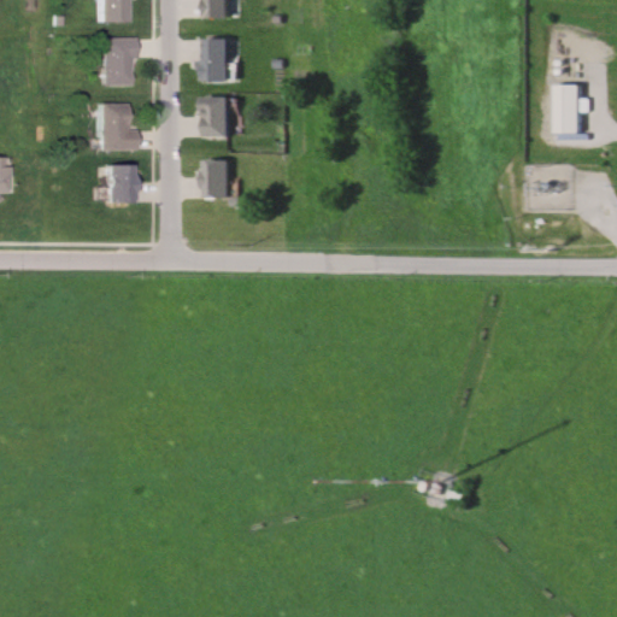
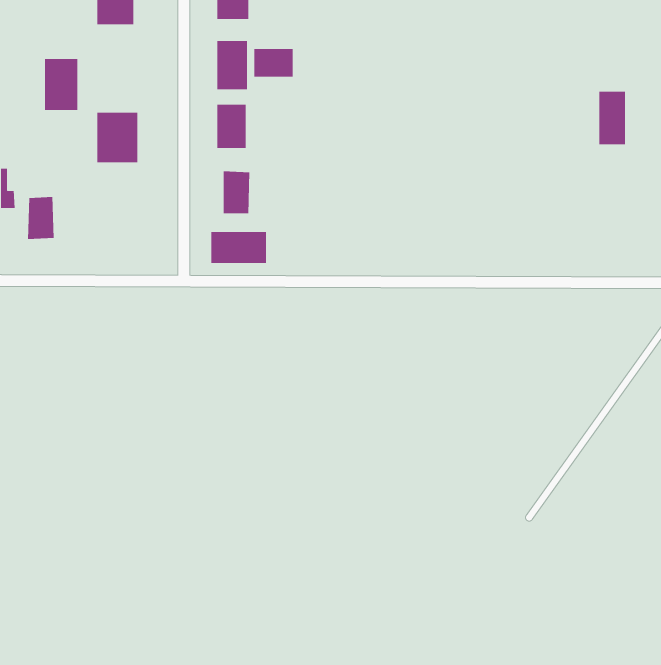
building: [98,37,129,86] -> [44,58,78,111]
building: none -> [254,48,293,77]
building: [102,161,128,201] -> [27,197,55,240]
building: none -> [211,231,266,264]

